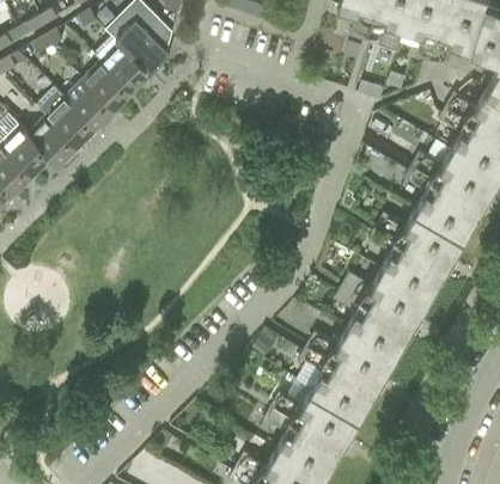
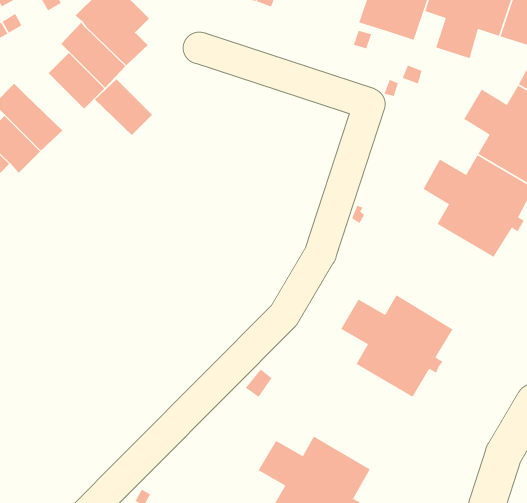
building: [65,79,115,128] -> [94,78,153,136]
building: [368,208,465,298] -> none
building: [297,327,396,417] -> none

